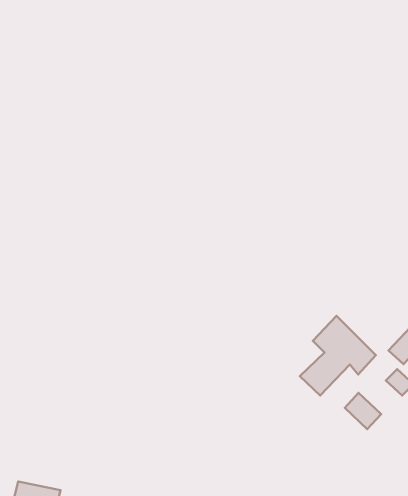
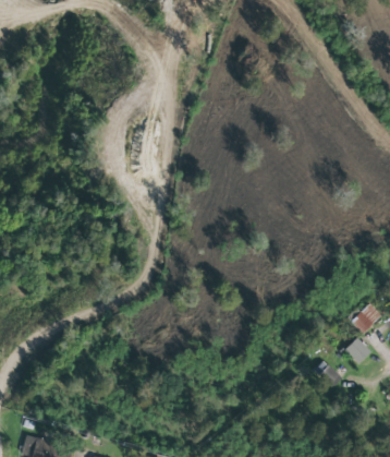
building: [300,316,376,395] -> none

